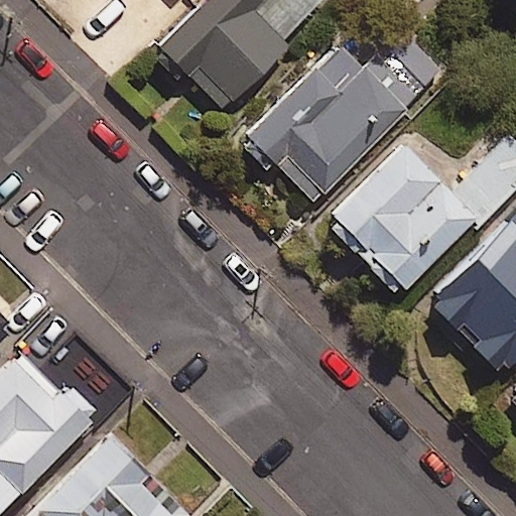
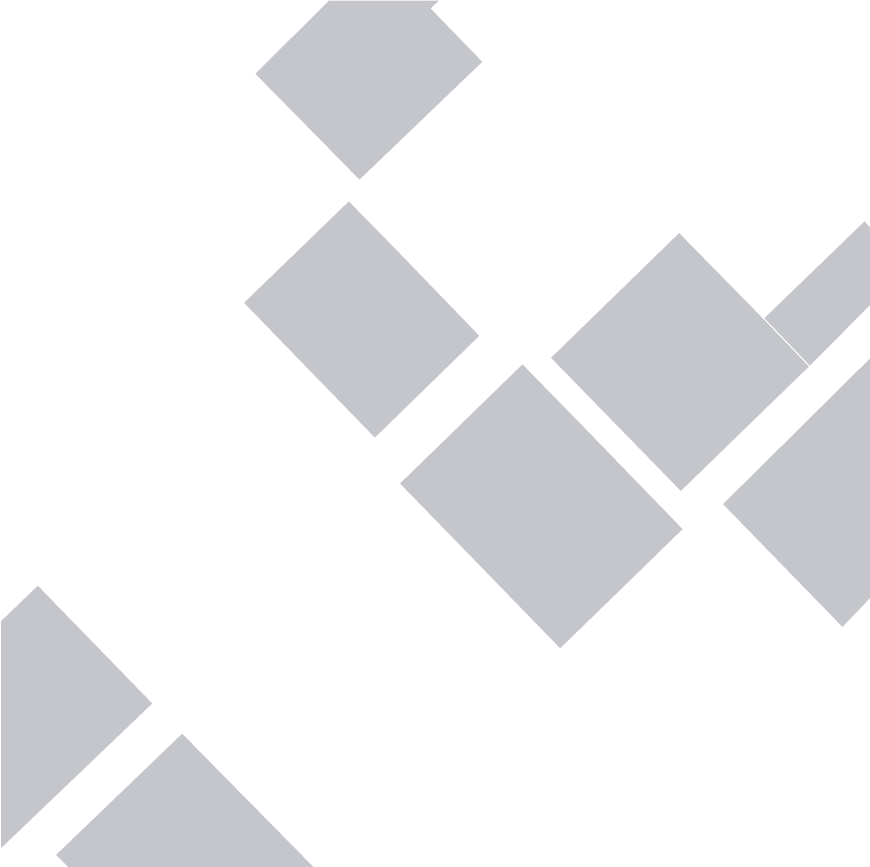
building: [237,33,446,213] -> none
building: none -> [243,200,480,438]
building: none -> [399,364,683,649]

